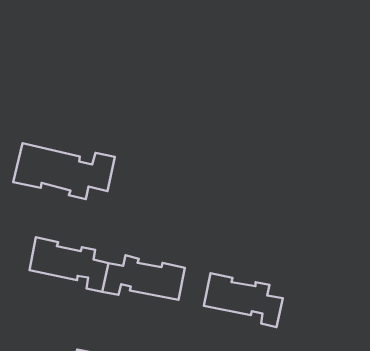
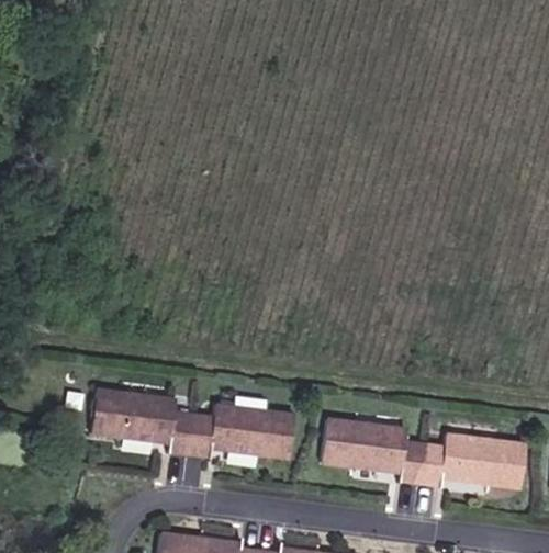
building: [13,143,115,199] -> none
building: none -> [421,433,527,487]

